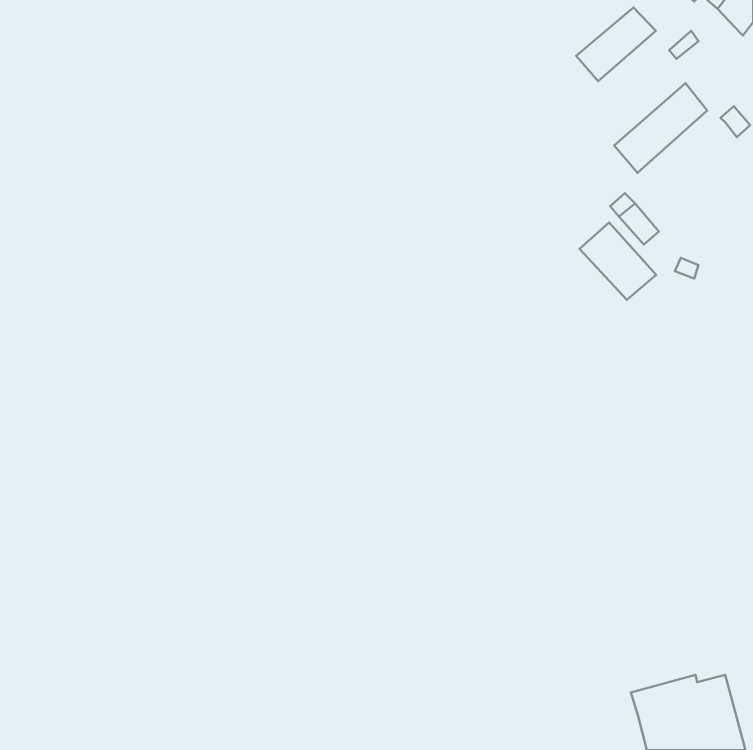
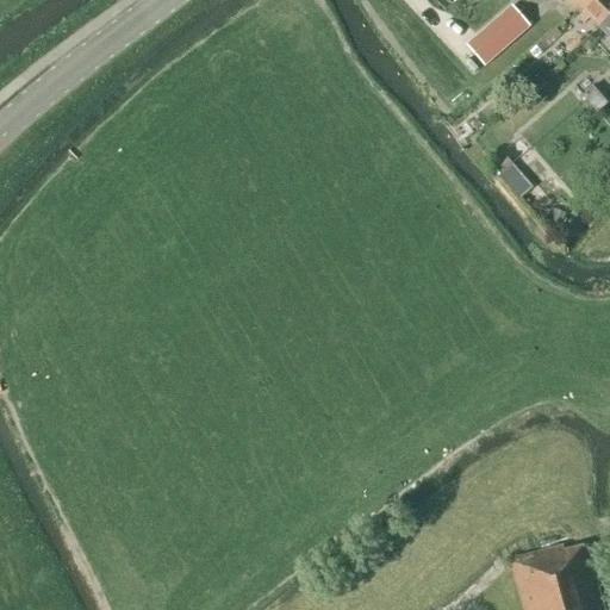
building: [614,83,707,173] -> none
building: [579,222,656,300] -> none

